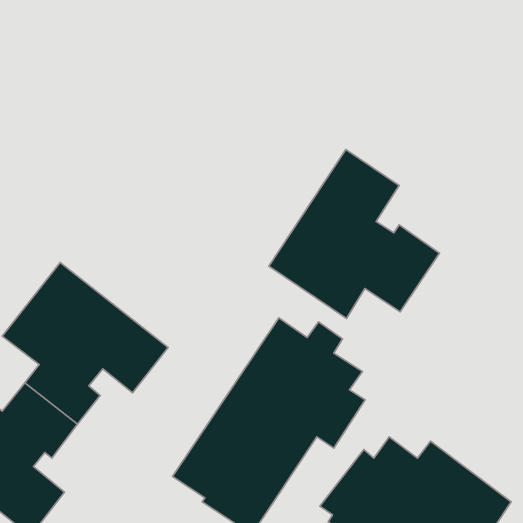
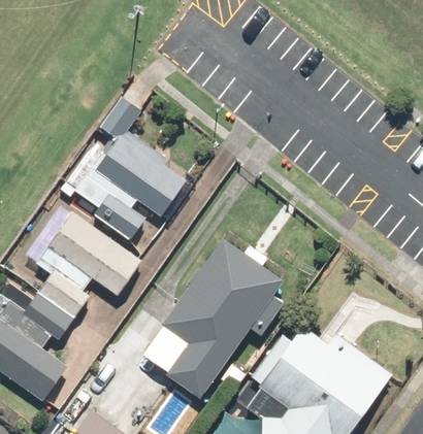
building: [269,149,439,319] -> none
building: none -> [56,128,195,244]

